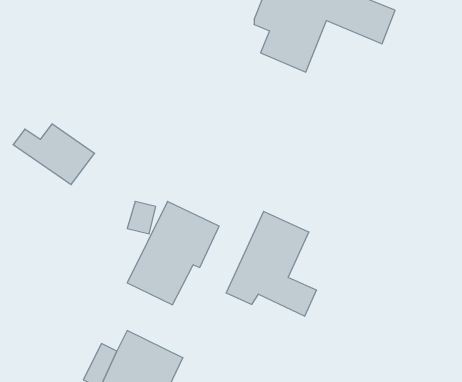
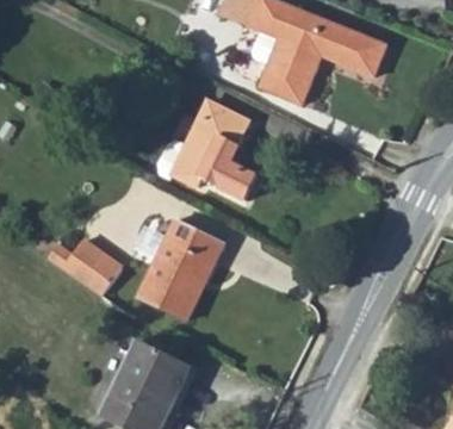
building: [13,124,95,185] -> [46,240,122,296]
building: [226,211,317,316] -> [172,100,255,197]

